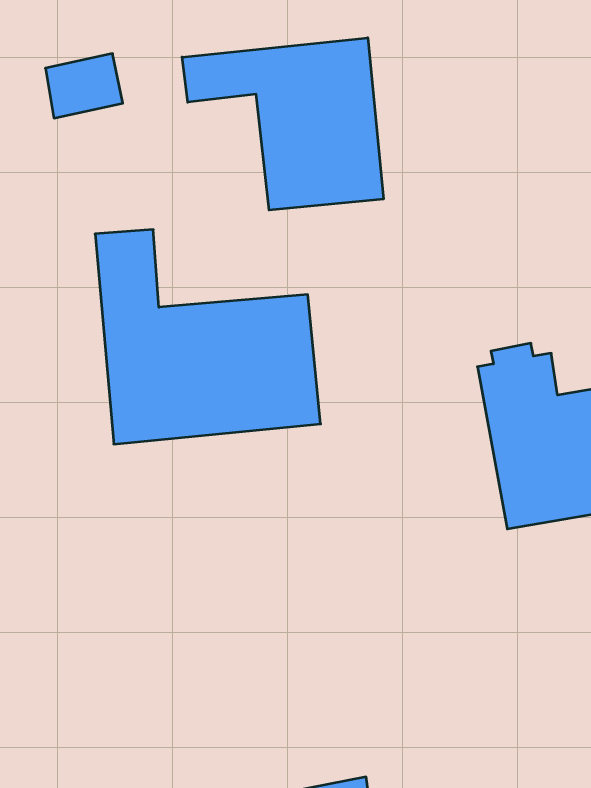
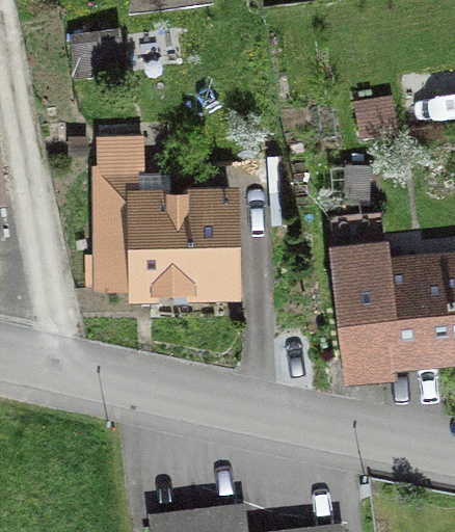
building: [182,38,383,210] -> none

